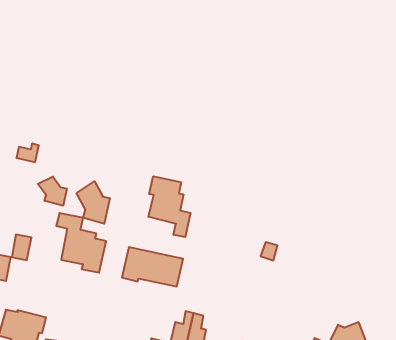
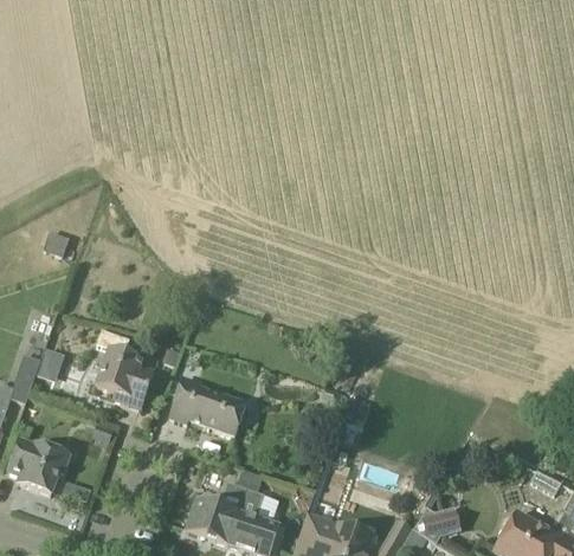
building: [148,176,191,237] -> none
building: [38,177,67,206] -> none
building: [77,181,110,224] -> none

